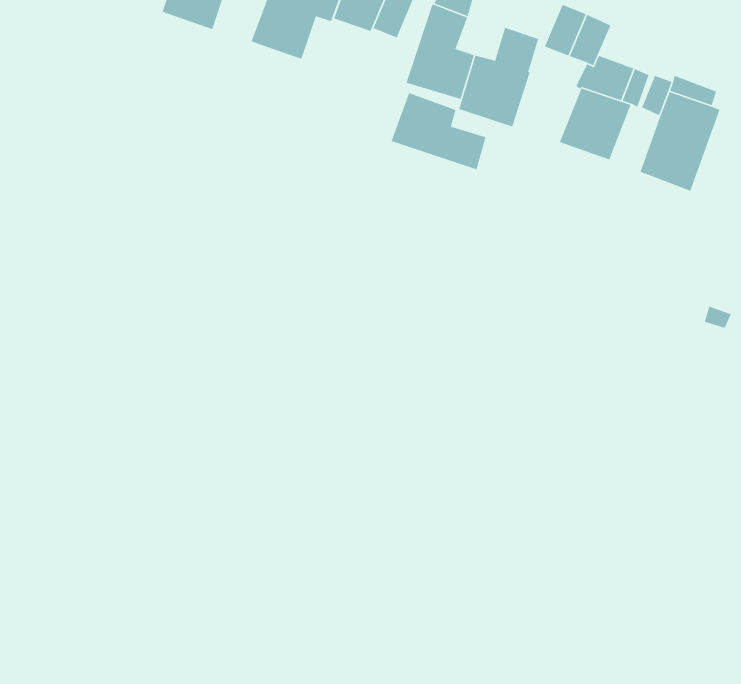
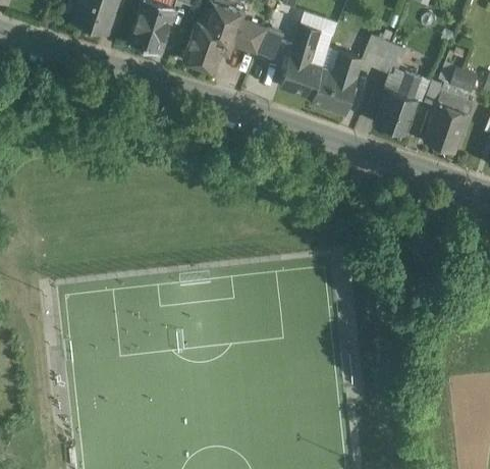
building: none -> [439,63,478,91]
building: [390,89,486,170] -> none

